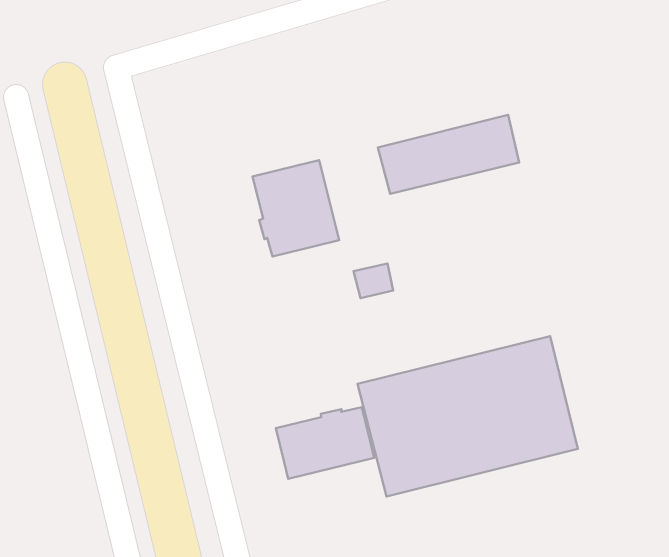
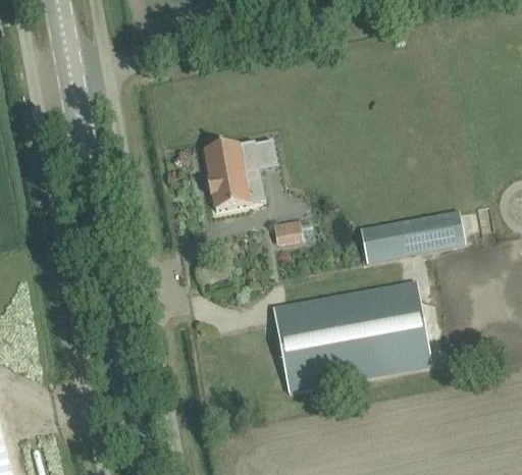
building: [378,115,519,194] -> [360,210,464,263]
building: [276,407,374,479] -> none

